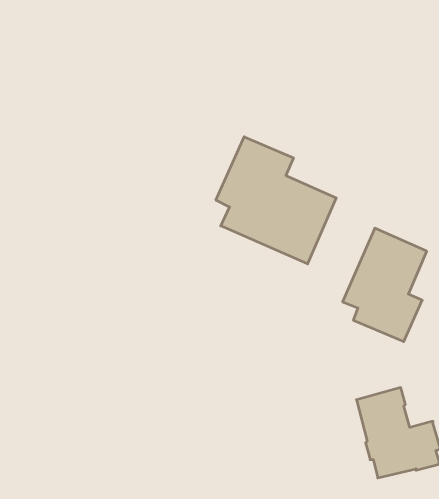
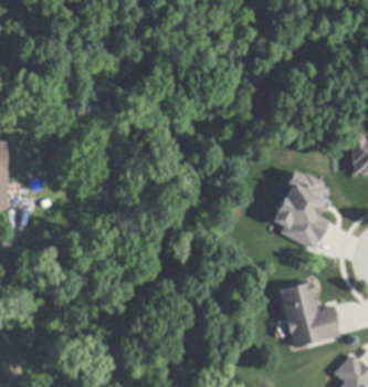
building: [216,137,336,264] -> none

